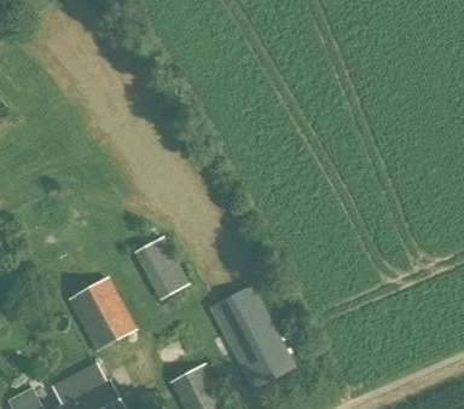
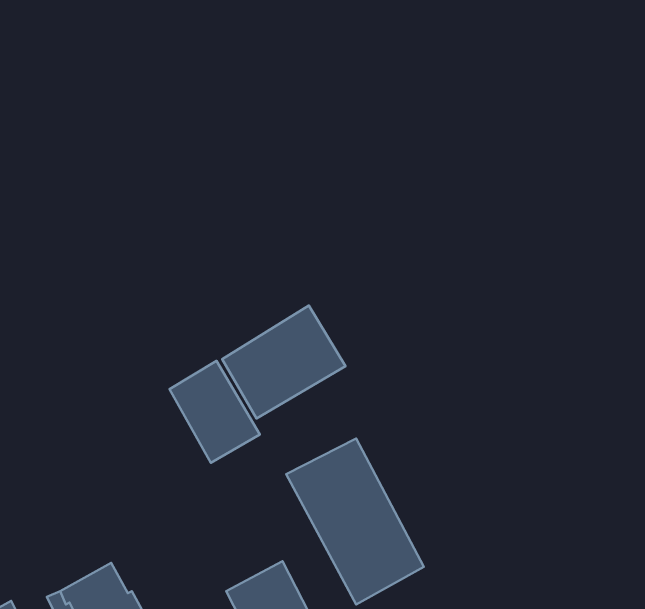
building: none -> [222,305,345,419]
building: [68,276,135,350] -> none

